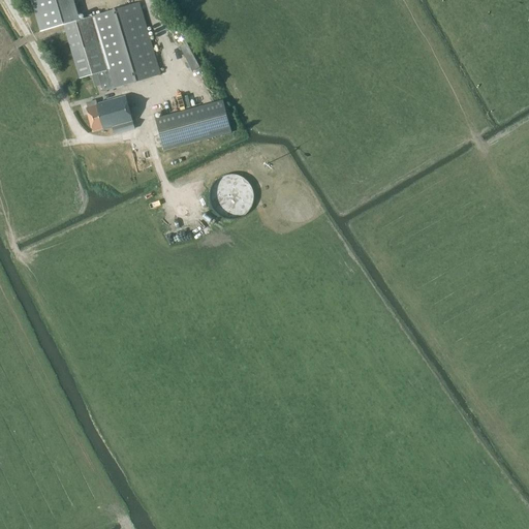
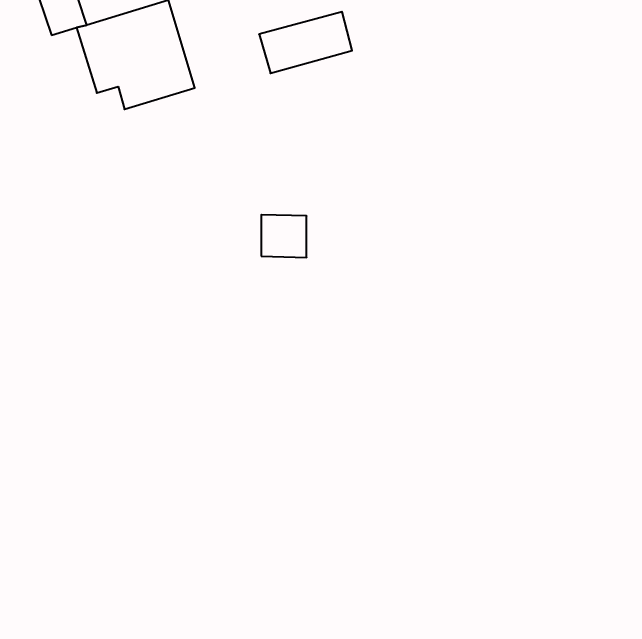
building: [86,94,134,132] -> none
building: [155,98,231,149] -> [259,12,352,73]

